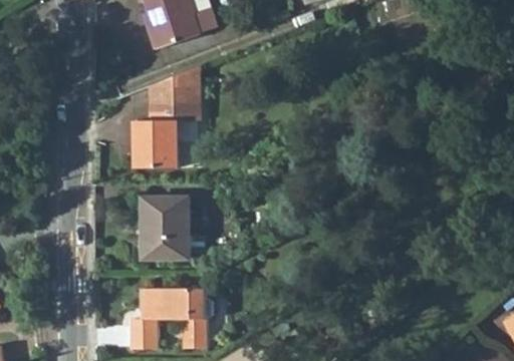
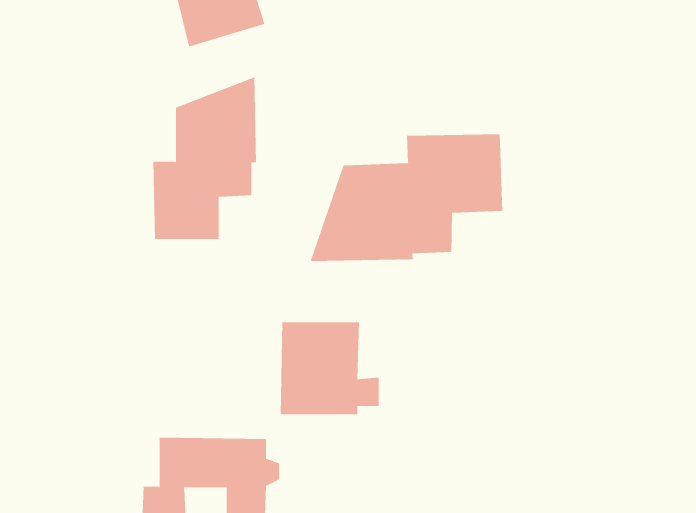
building: none -> [310,134,503,262]
building: [141,200,202,257] -> [280,322,379,415]

